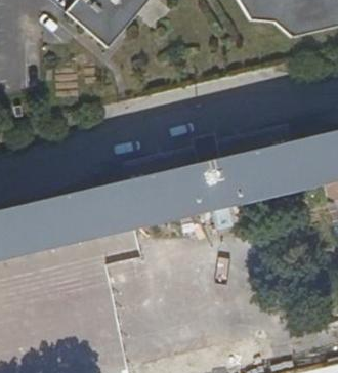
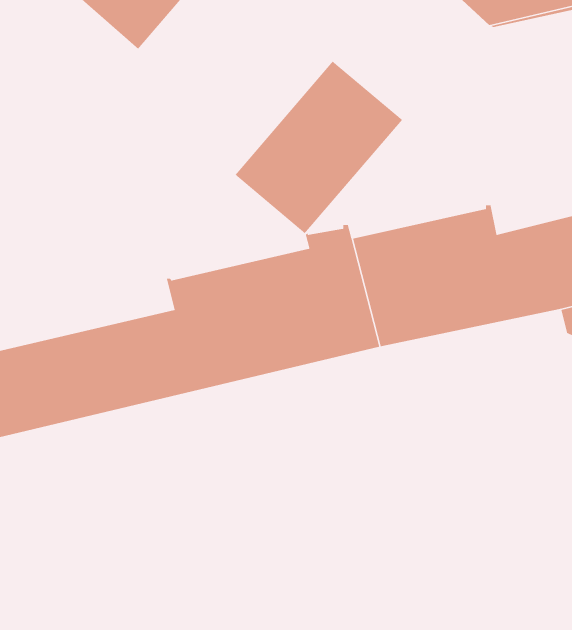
building: none -> [234,60,403,234]

